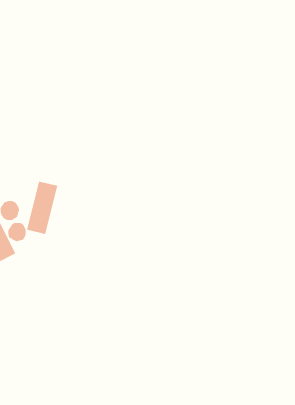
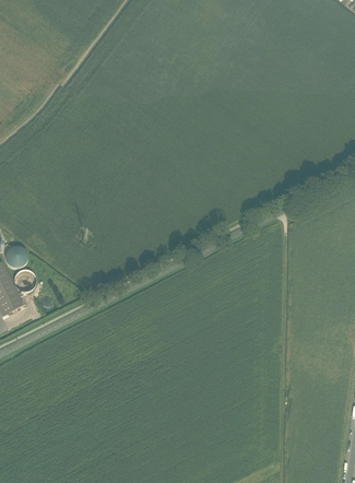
building: [27,181,58,235] -> none

